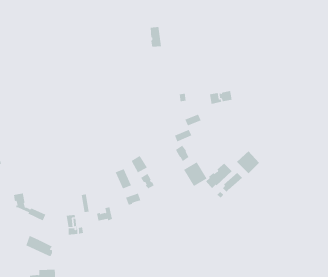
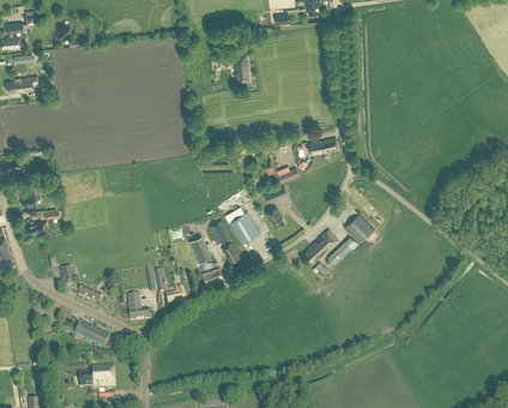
building: [183,161,208,187] -> [228,210,259,242]

